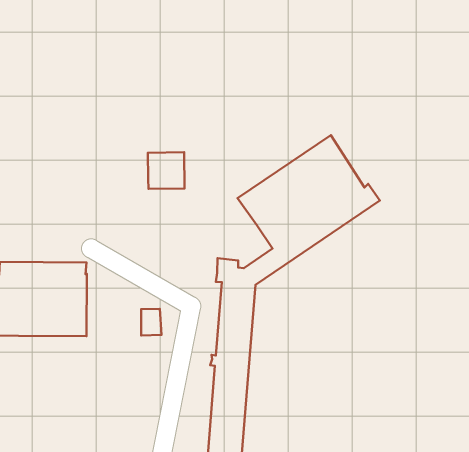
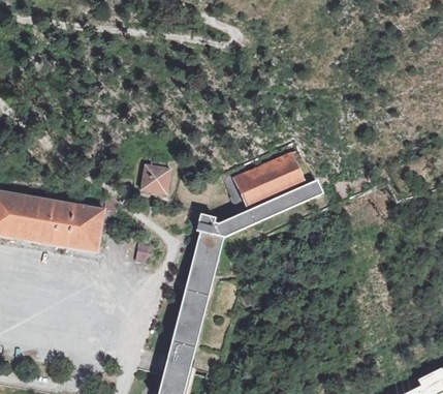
building: [148,152,185,189] -> [140,165,170,195]

